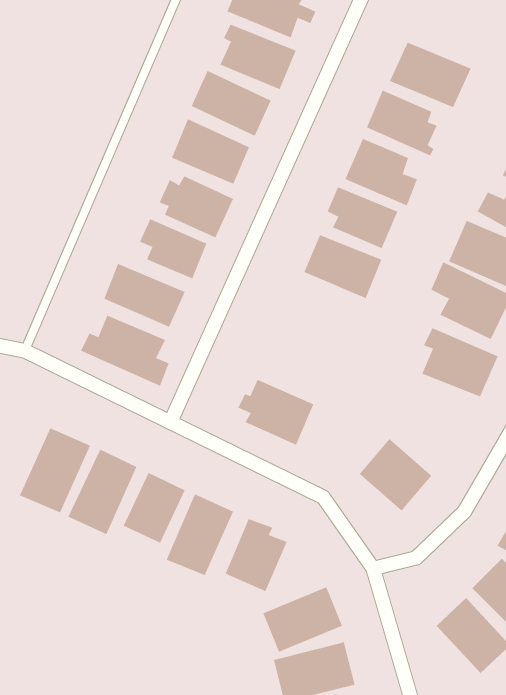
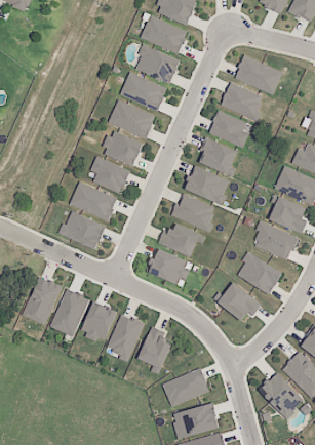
building: none -> [173,194,215,234]
building: none -> [158,224,203,258]
building: none -> [233,250,279,292]

